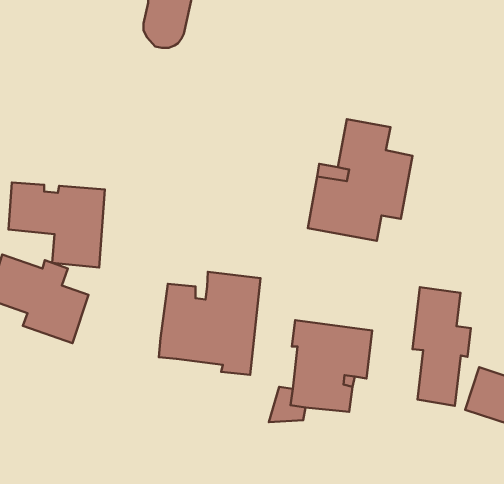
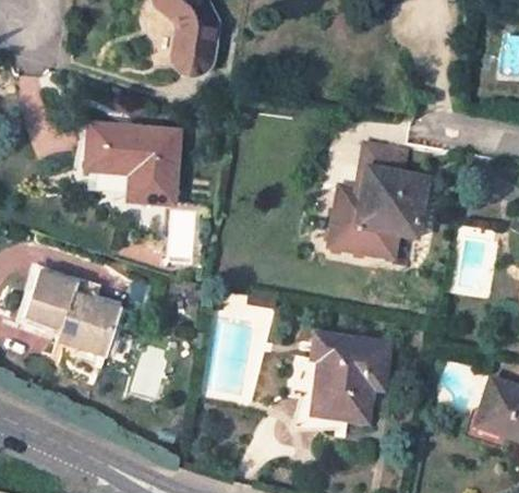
building: [8,182,105,267] -> [86,125,178,206]
building: [159,272,260,375] -> none
building: [412,287,471,406] -> none

